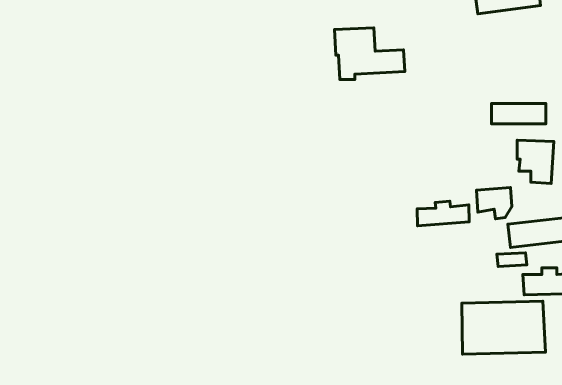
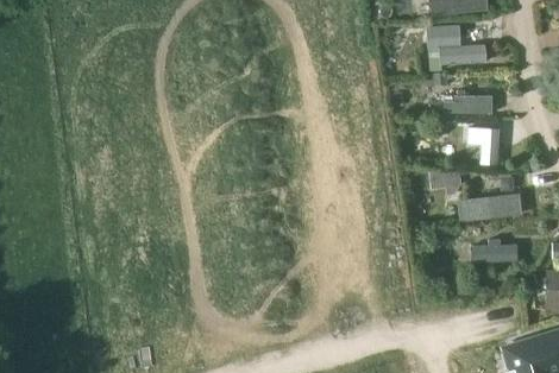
building: [334,28,405,80] -> [426,25,488,70]
building: [417,201,469,226] -> none
building: [462,301,545,354] -> none

